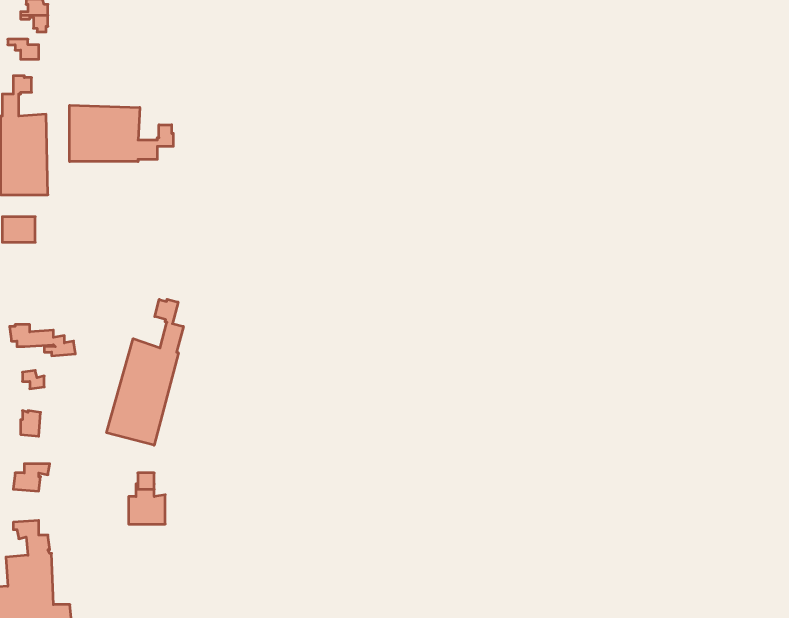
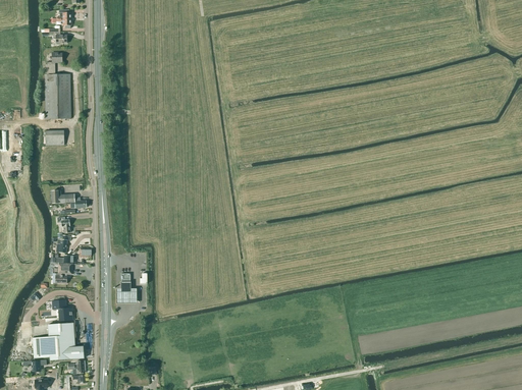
building: [70,105,173,162] -> none
building: [107,299,183,445] -> none

